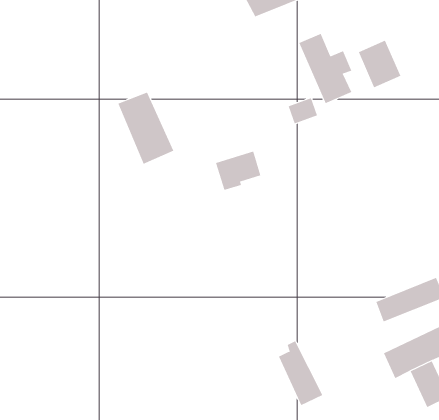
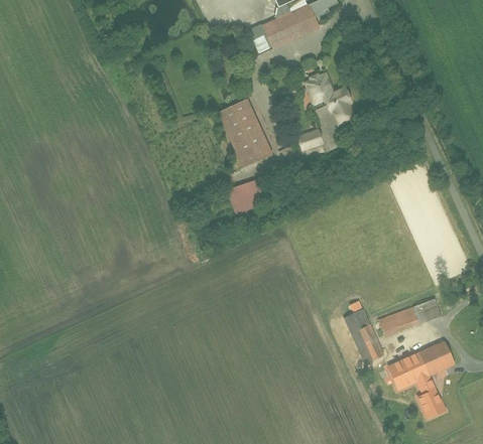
building: [358,40,401,88] -> none
building: [117,92,174,165] -> [220,98,273,166]
building: [278,341,323,406] -> [342,303,384,364]

